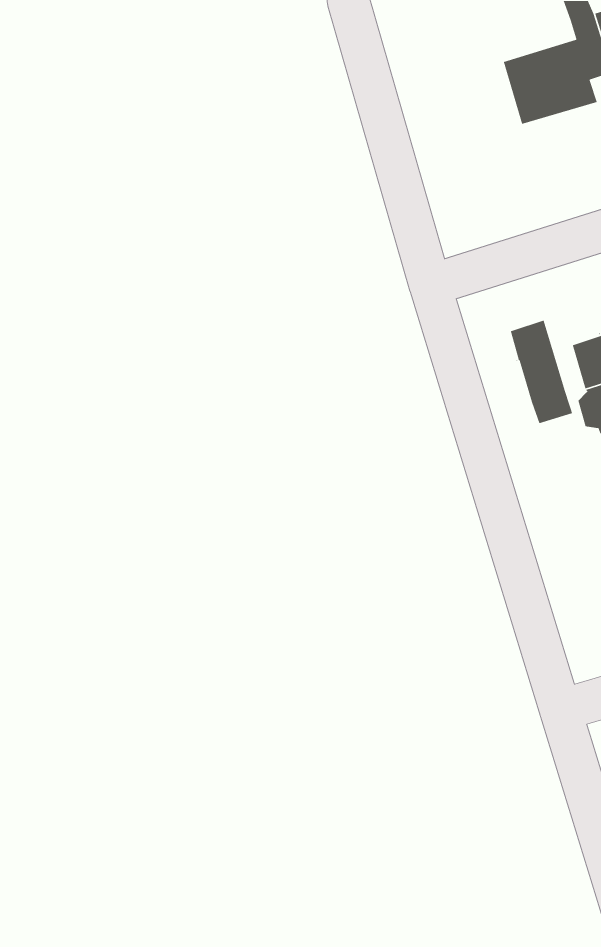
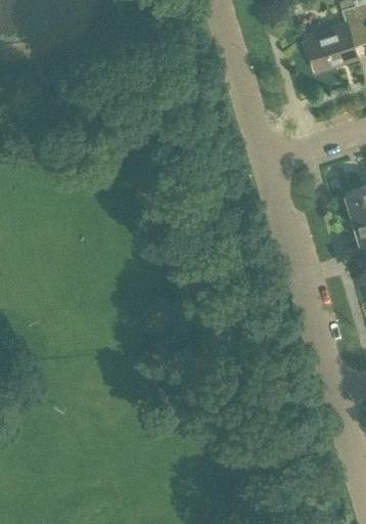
building: [510,320,574,424] -> none

